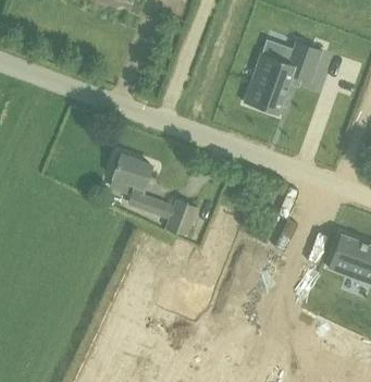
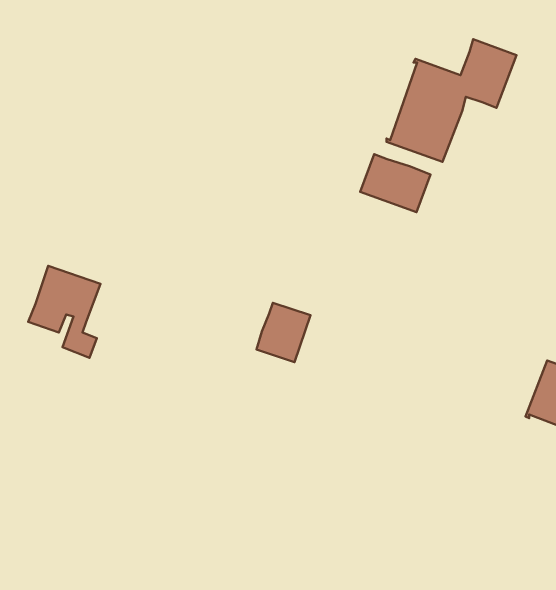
building: none -> [360,154,430,212]
building: [108,153,151,209] -> [28,266,100,358]

